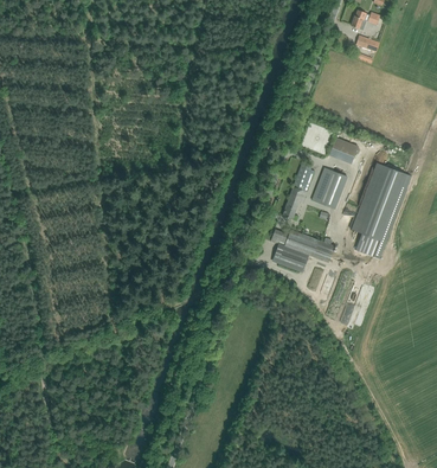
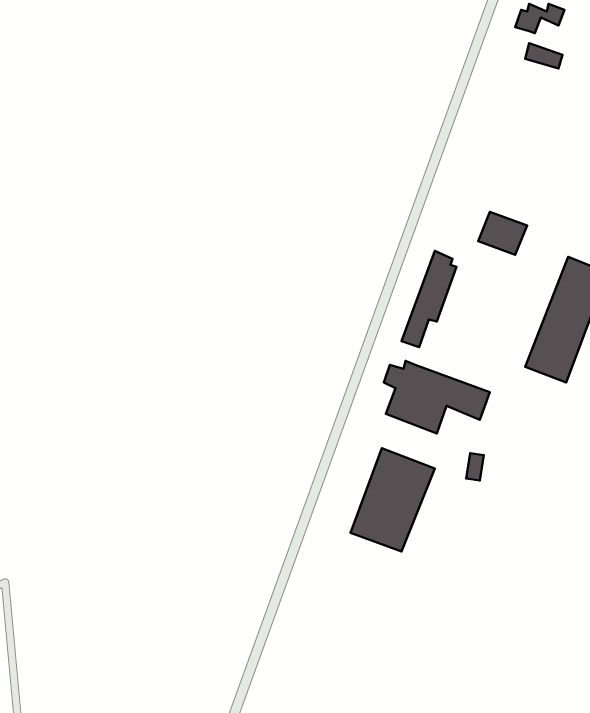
building: [311,167,347,209] -> none
building: none -> [350,448,435,552]

